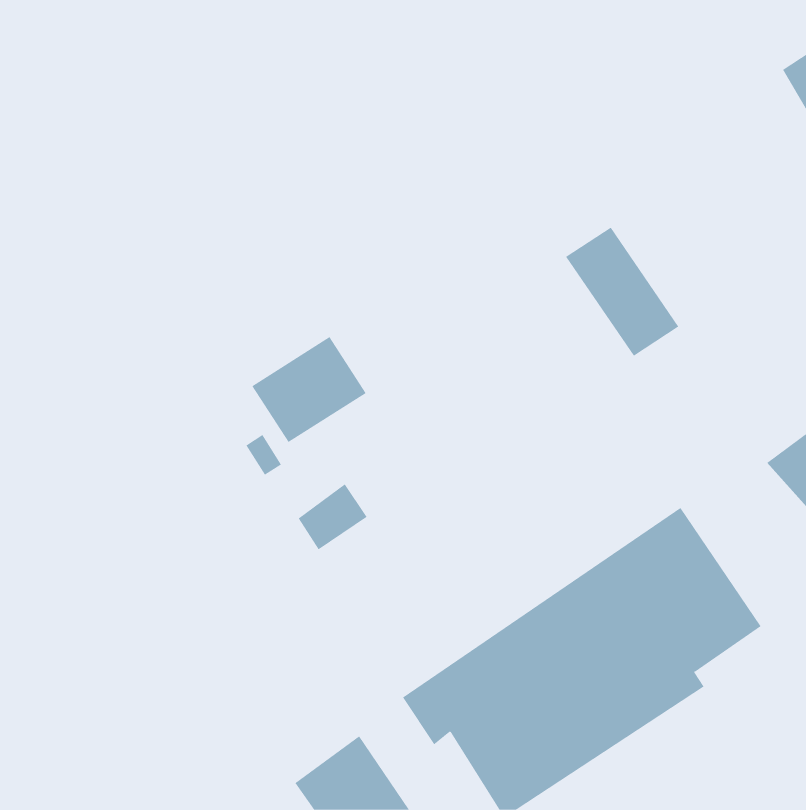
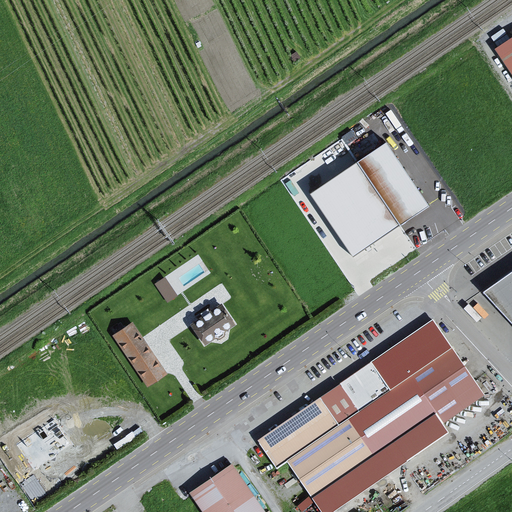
building: none -> [312,162,402,257]
building: [251,336,367,443] -> none
building: none -> [111,324,165,387]

